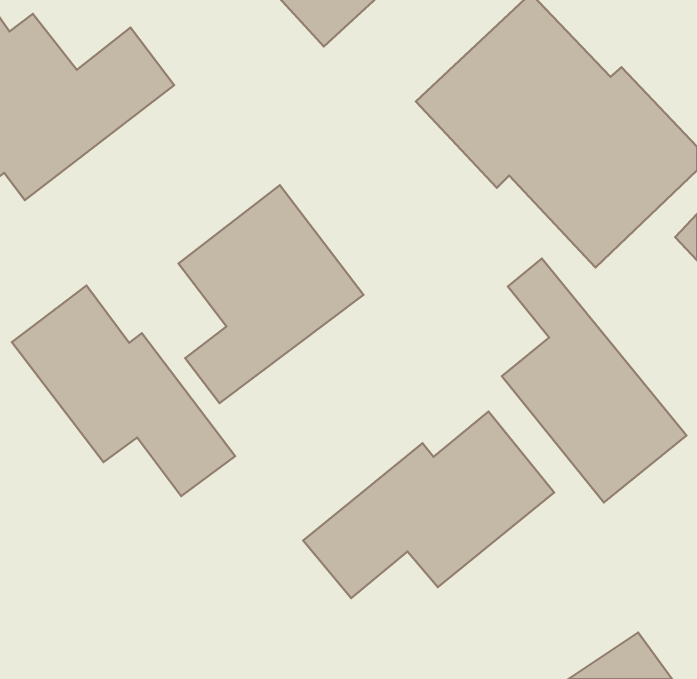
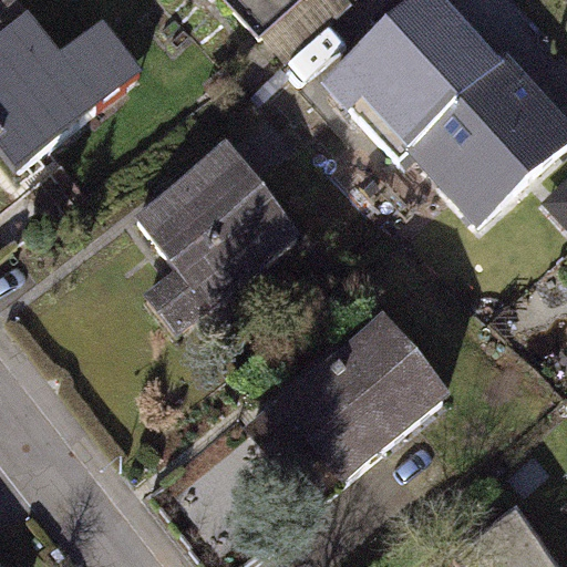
building: [502,259,686,503] -> none
building: [12,286,235,496] -> none

